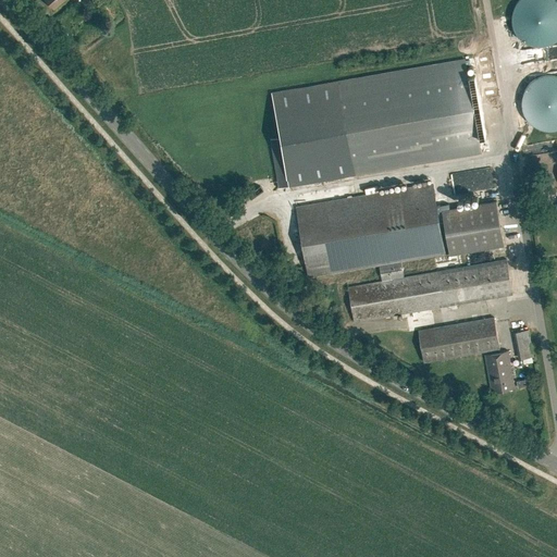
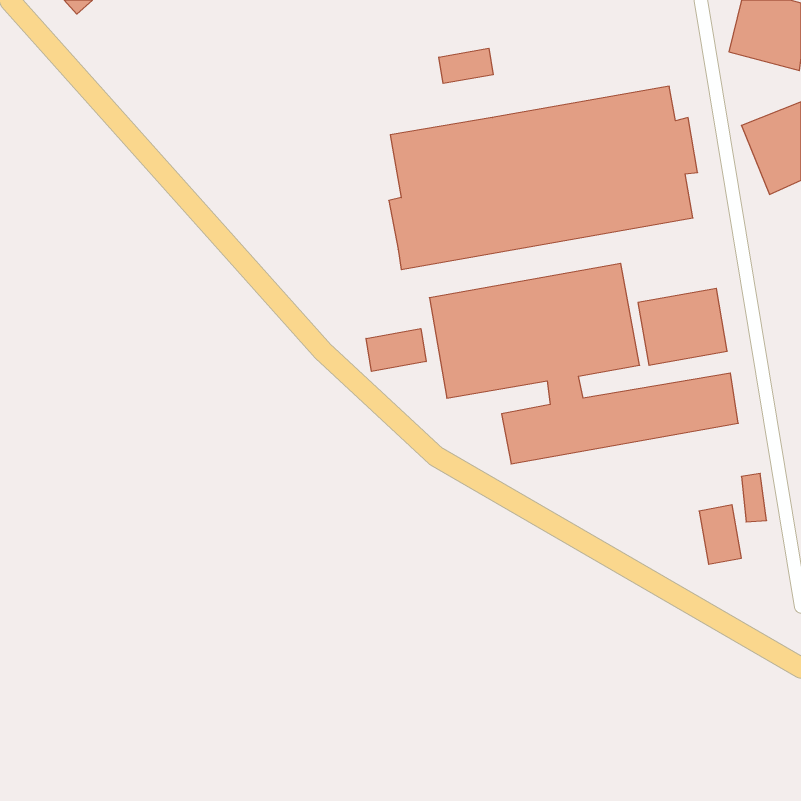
building: none -> [439,48,493,83]
building: none -> [366,329,426,371]
building: [419,317,500,361] -> none

